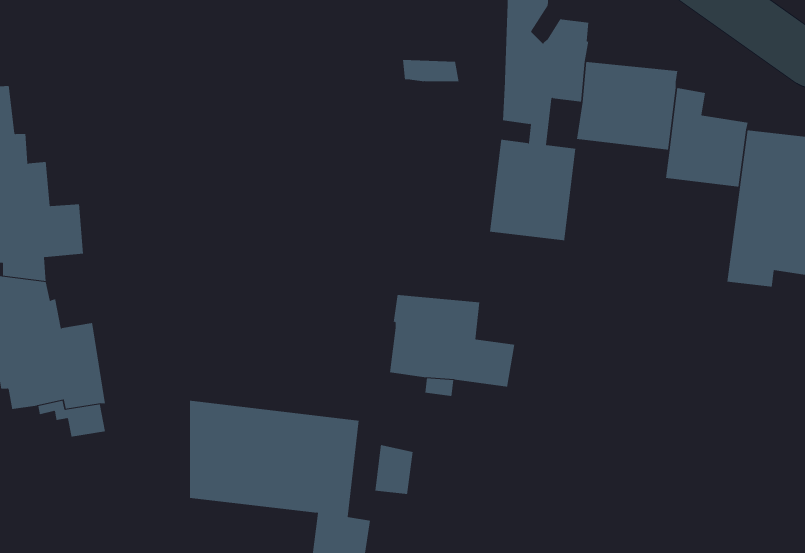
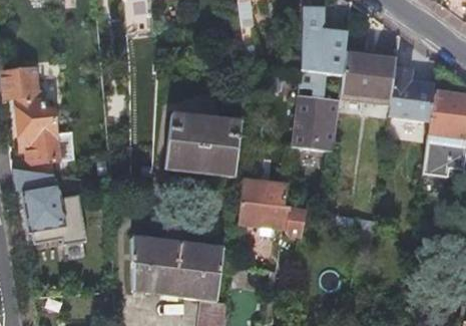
building: none -> [164,110,241,176]

